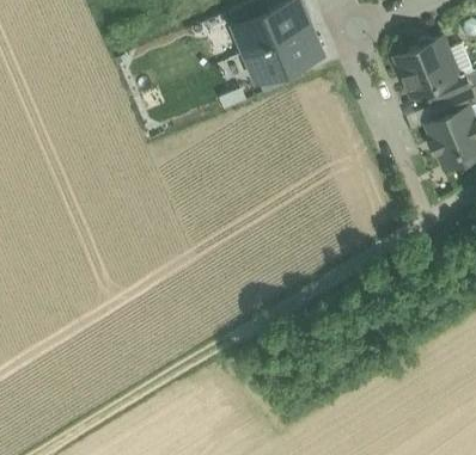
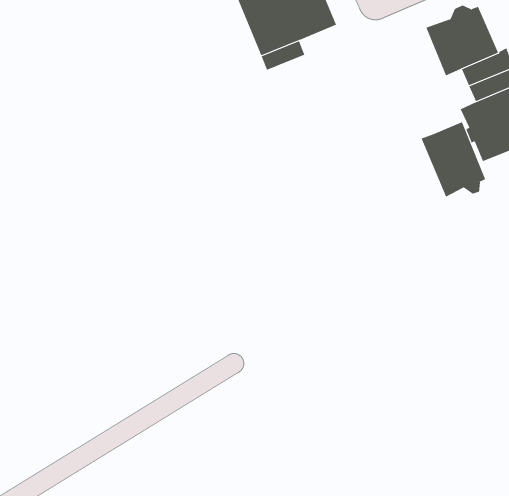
building: none -> [421,122,486,198]

